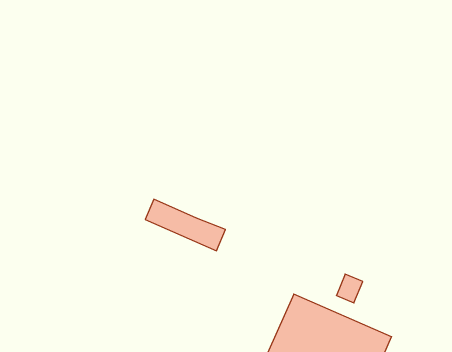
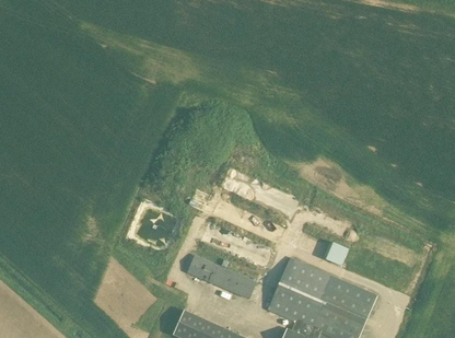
building: [145,199,225,251] -> [186,254,256,299]

